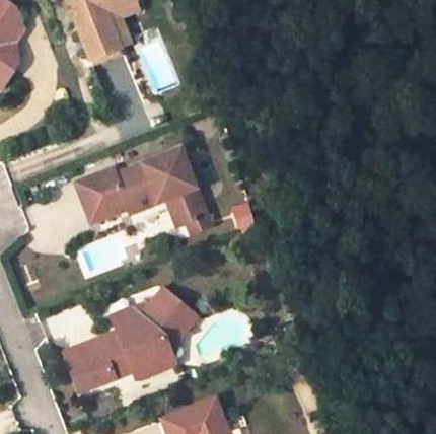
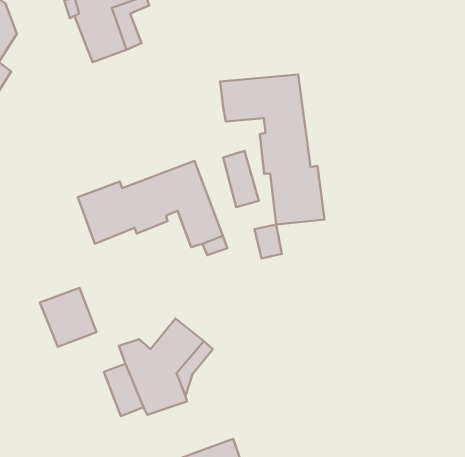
building: none -> [220,74,324,224]
building: none -> [223,151,259,207]
building: [64,337,115,389] -> [40,288,96,347]

